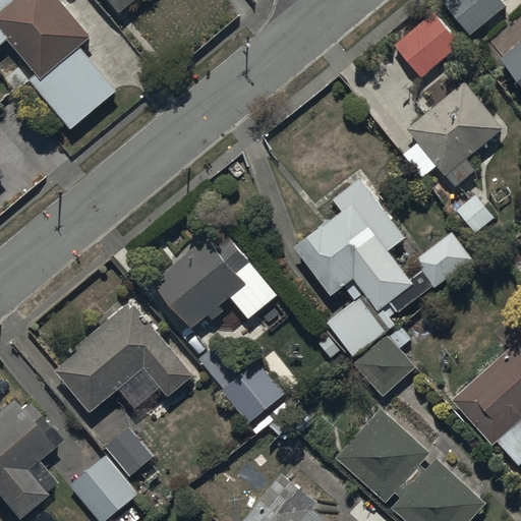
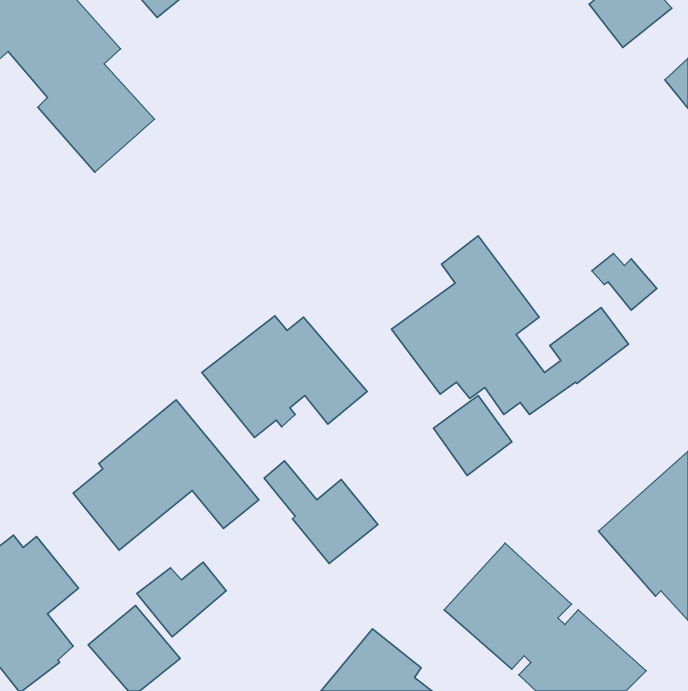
building: [393,11,459,77] -> none
building: [401,81,503,187] -> none
building: [353,327,415,397] -> none

